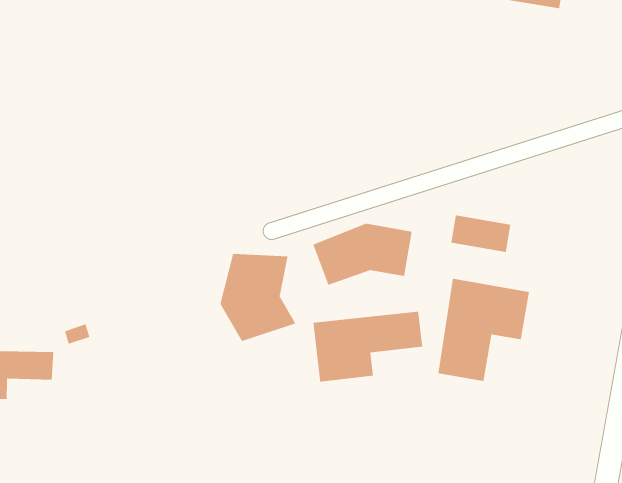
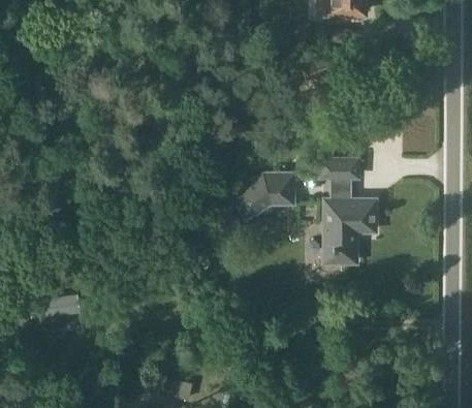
building: [220,253,296,342] -> none
building: [313,311,423,383] -> none

